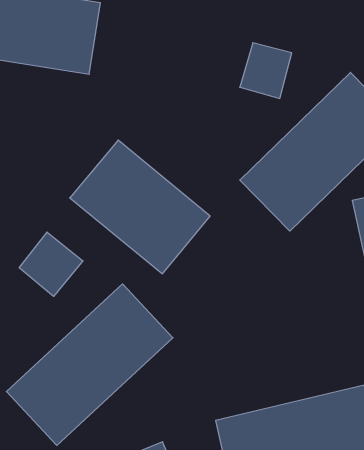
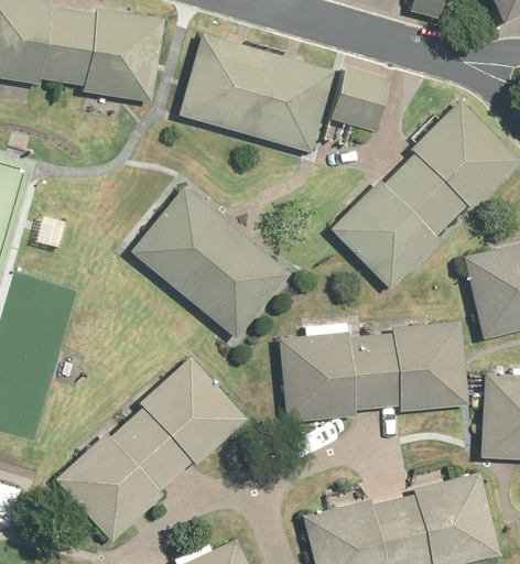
building: none -> [180,33,336,153]
building: [19,232,83,296] -> none
building: none -> [279,323,467,422]

